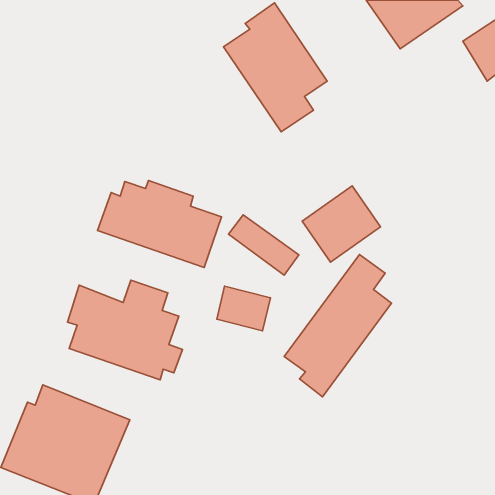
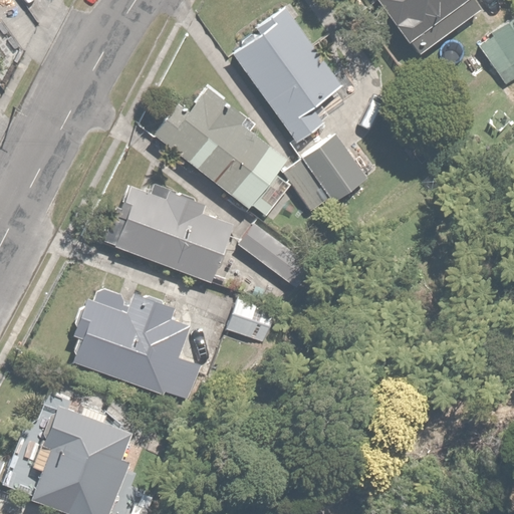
building: none -> [154,87,293,209]
building: [302,186,380,262] -> [285,137,365,215]
building: [284,255,391,397] -> none

